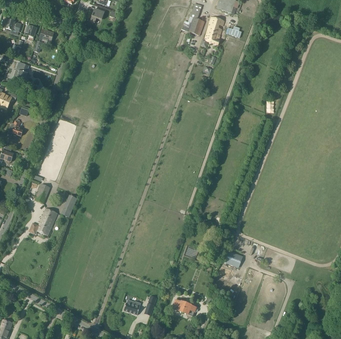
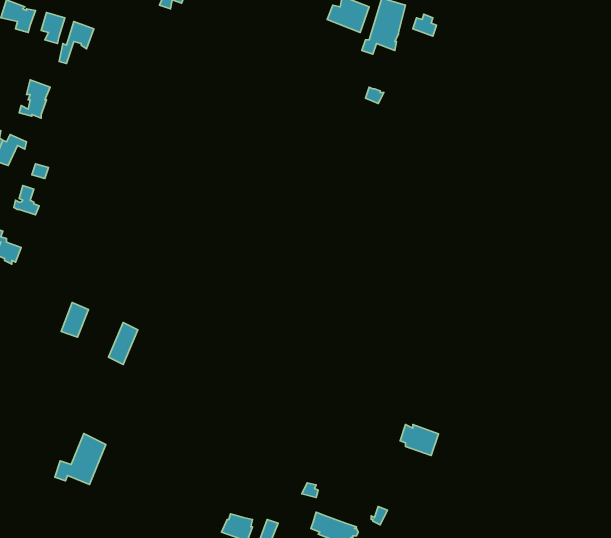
building: [29,207,57,235] -> [55,433,106,484]

